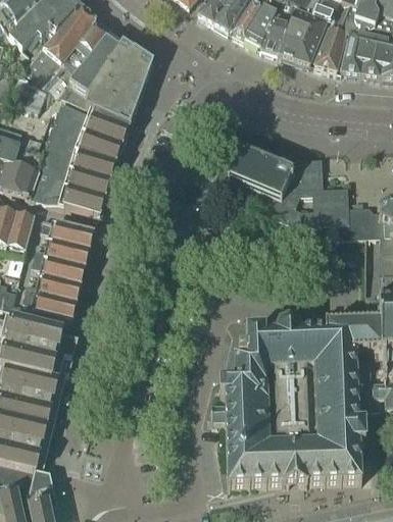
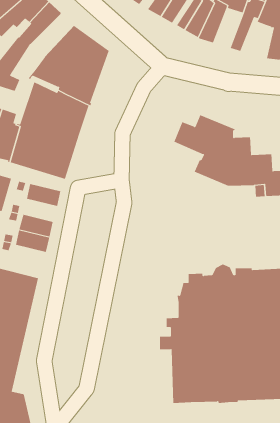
building: [276,12,311,60] -> none
building: [33,19,108,98] -> none
building: [313,29,344,71] -> none
building: [47,241,89,268] -> none
building: [34,296,76,323] -> none

